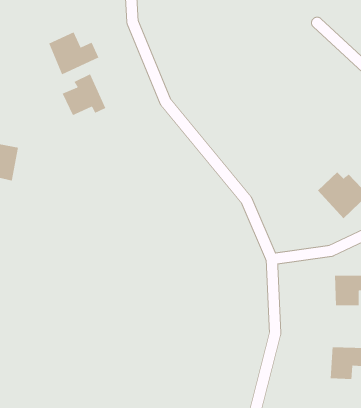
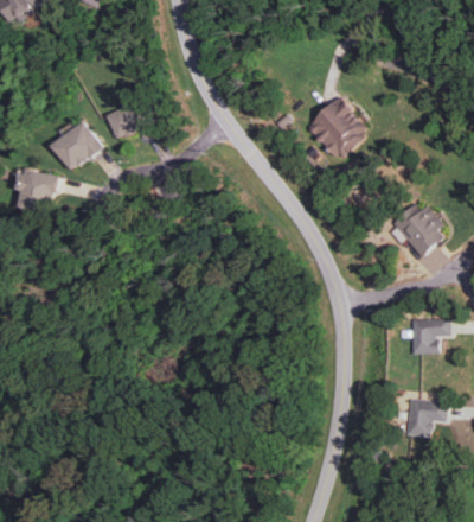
building: [49,32,99,75] -> none
building: none -> [307,97,370,159]
building: none -> [51,122,101,172]

